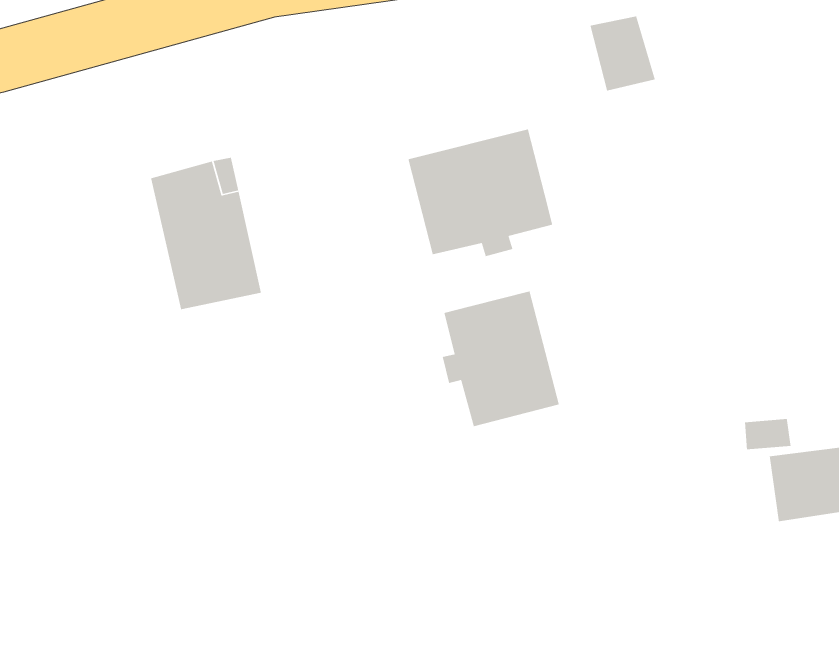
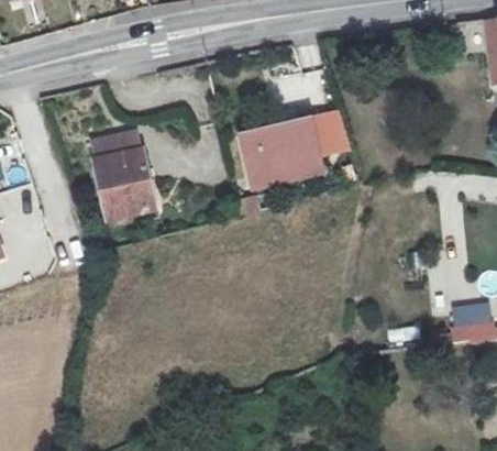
building: [589,16,656,91] -> [310,110,349,154]
building: [442,291,560,427] -> none

